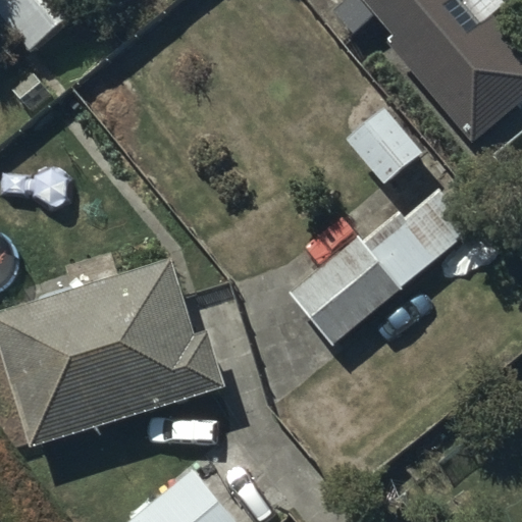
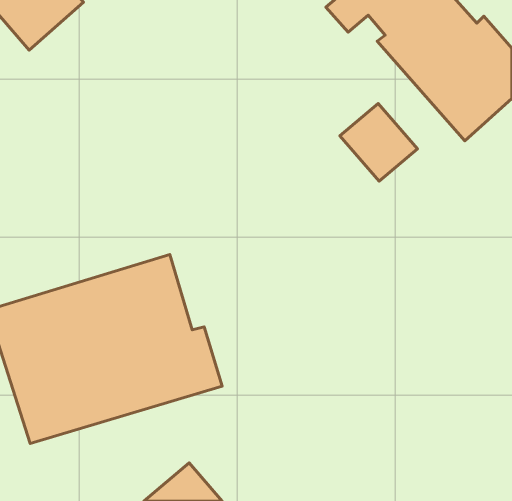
building: [289,185,471,343] -> none

